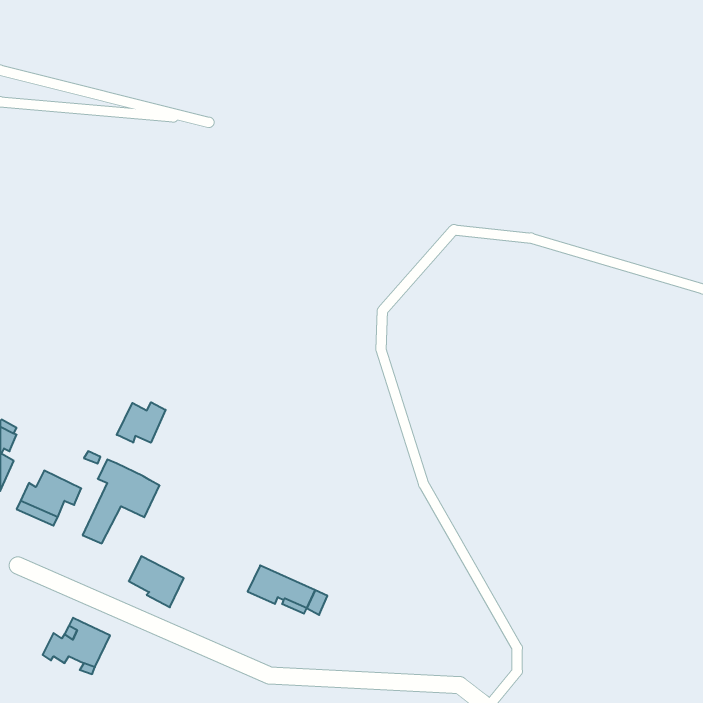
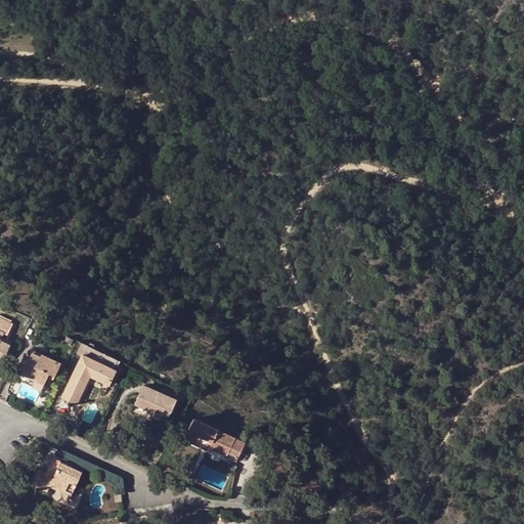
building: [117,402,166,443] -> none
building: [129,556,184,607] -> [135,387,176,425]

